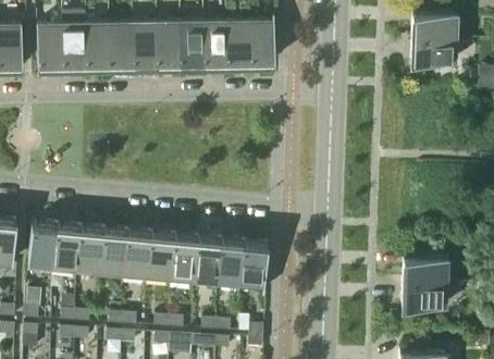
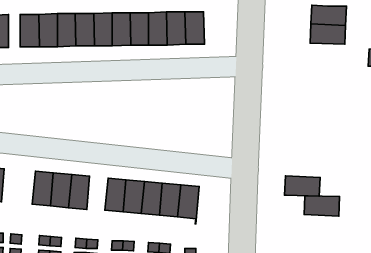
building: [28,224,57,269] -> none
building: [123,233,150,276] -> none
building: [402,282,447,308] -> [285,176,320,196]

